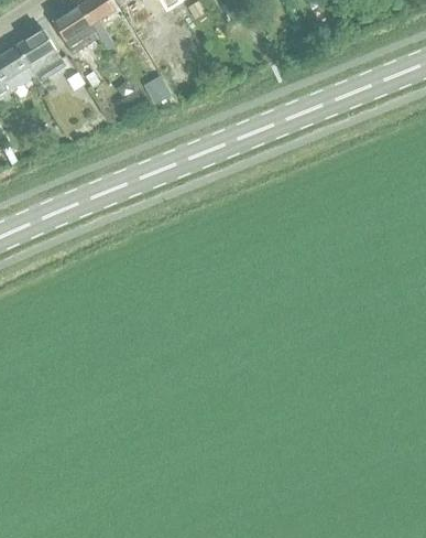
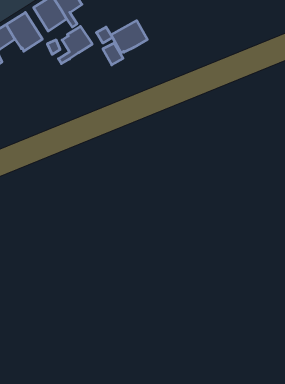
building: none -> [111,21,147,53]
building: none -> [58,26,92,64]

